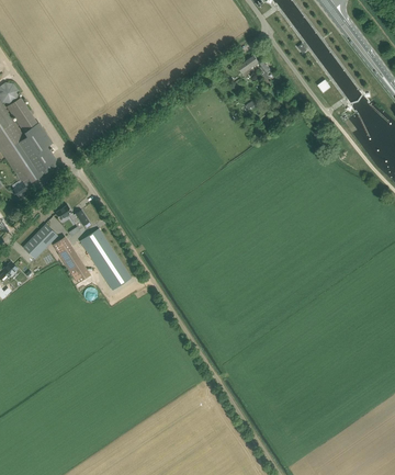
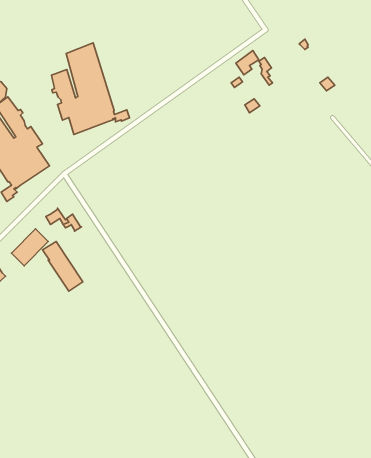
building: none -> [51,43,130,135]
building: [80,228,132,291] -> none

